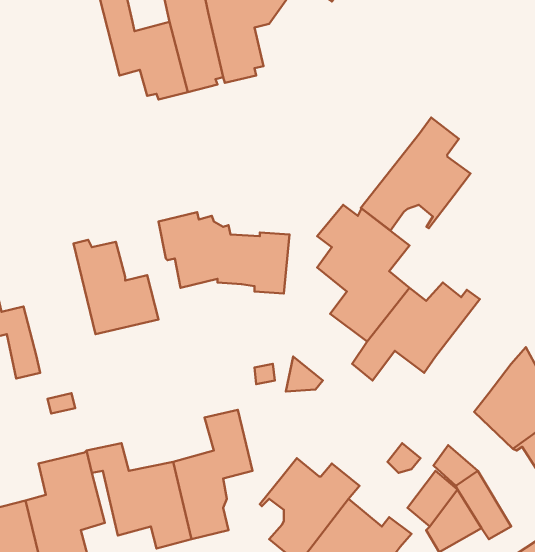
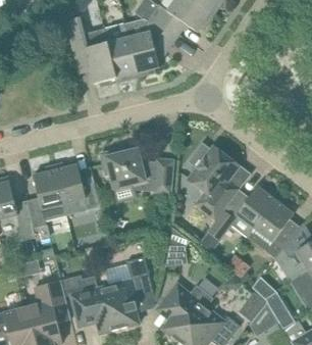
building: [361,118,471,231] -> none
building: none -> [25,164,65,227]
building: none -> [247,195,295,257]

